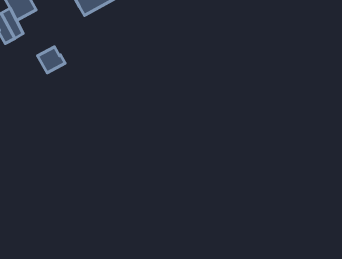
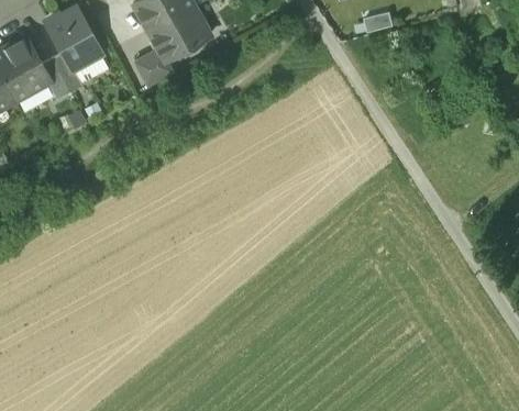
building: [37,47,65,73] -> [134,49,172,85]

